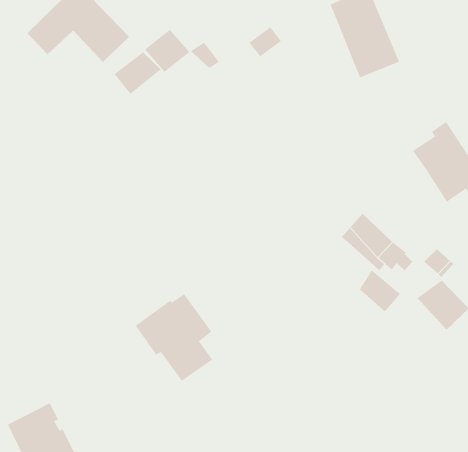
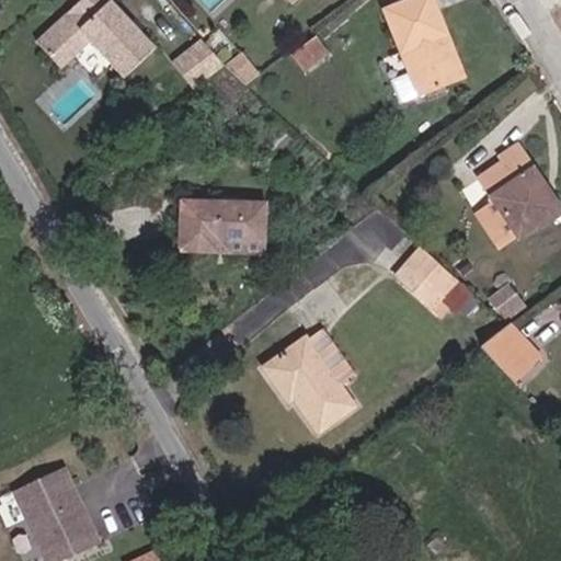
building: [114,51,162,95] -> none
building: none -> [472,198,517,249]
building: none -> [180,199,265,251]
building: [359,270,401,312] -> none
building: [135,293,213,381] -> [264,329,354,430]

